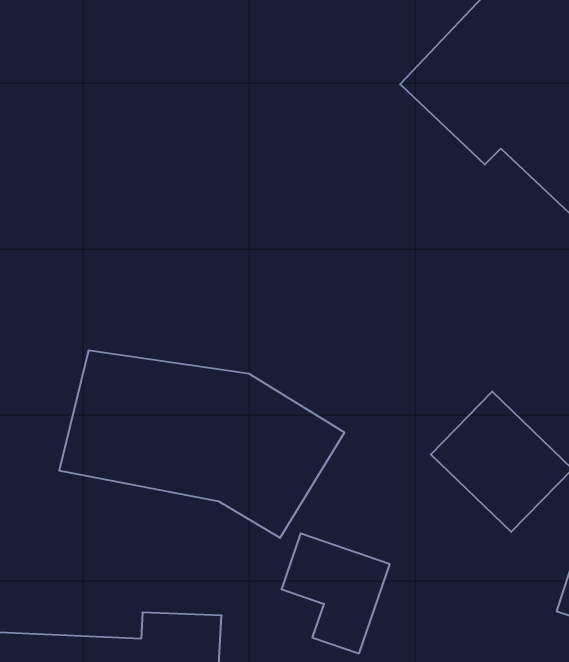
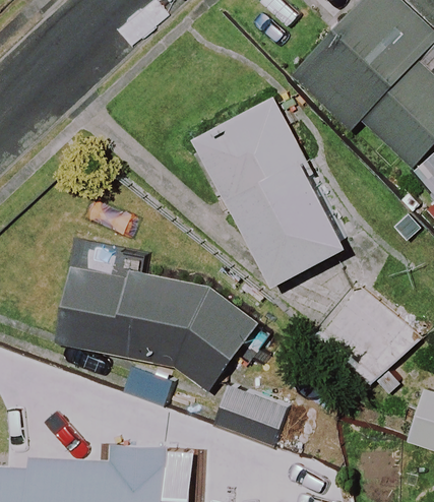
building: none -> [190,98,352,279]

